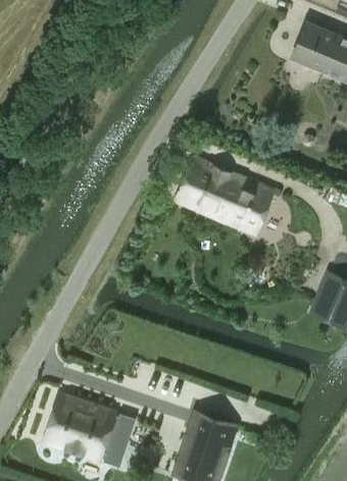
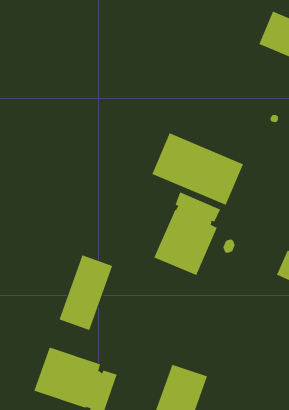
building: none -> [153,192,221,276]
building: none -> [59,254,113,331]

